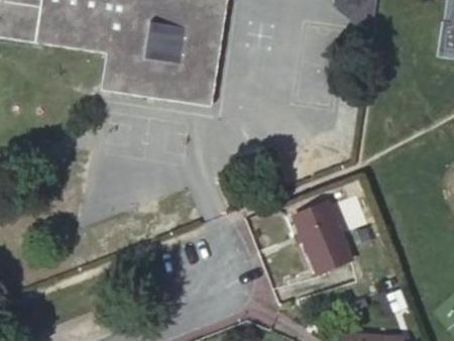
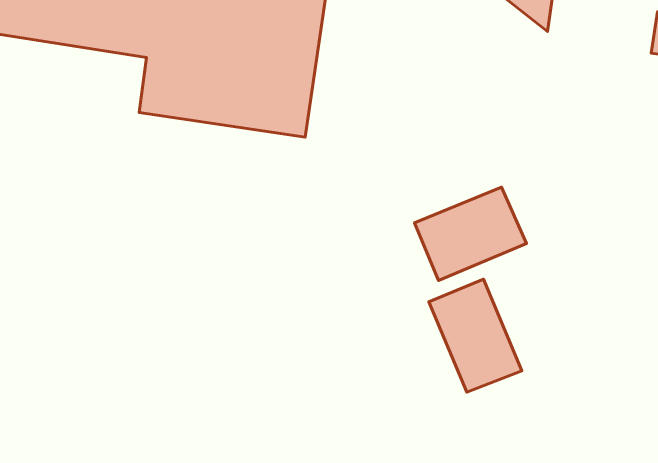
building: none -> [414,187,526,280]

